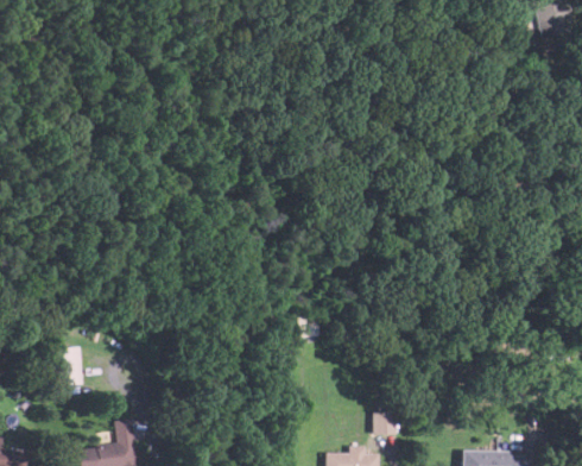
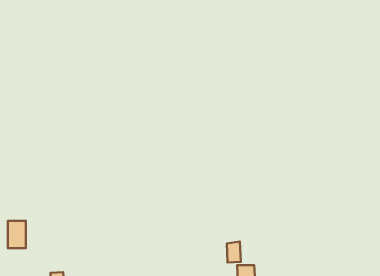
building: none -> [227,242,241,262]

